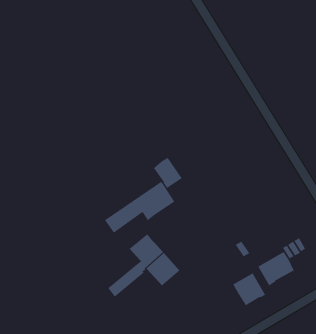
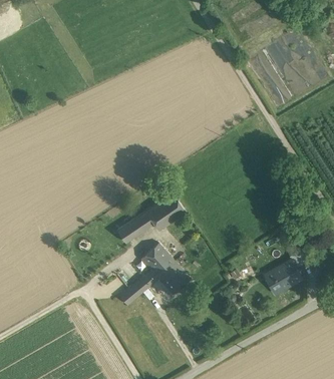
building: [153,157,182,189] -> none
building: [233,273,266,306] -> none

